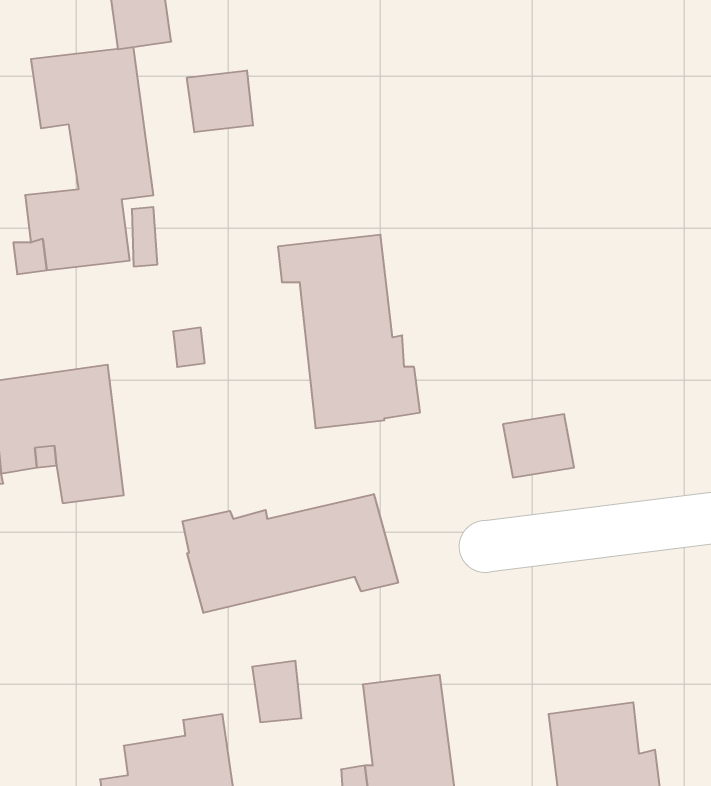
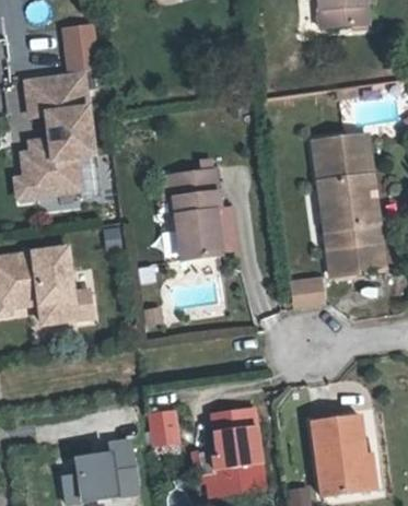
building: [187,70,253,132] -> none
building: none -> [316,134,385,275]
building: [182,494,398,613] -> none

